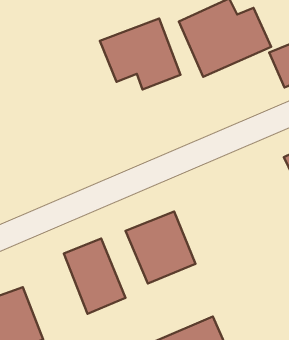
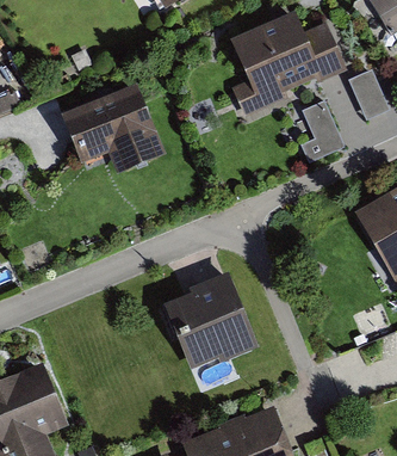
building: [100,19,180,89] -> [60,87,159,174]
building: none -> [297,101,336,160]
building: [64,238,125,314] -> none

